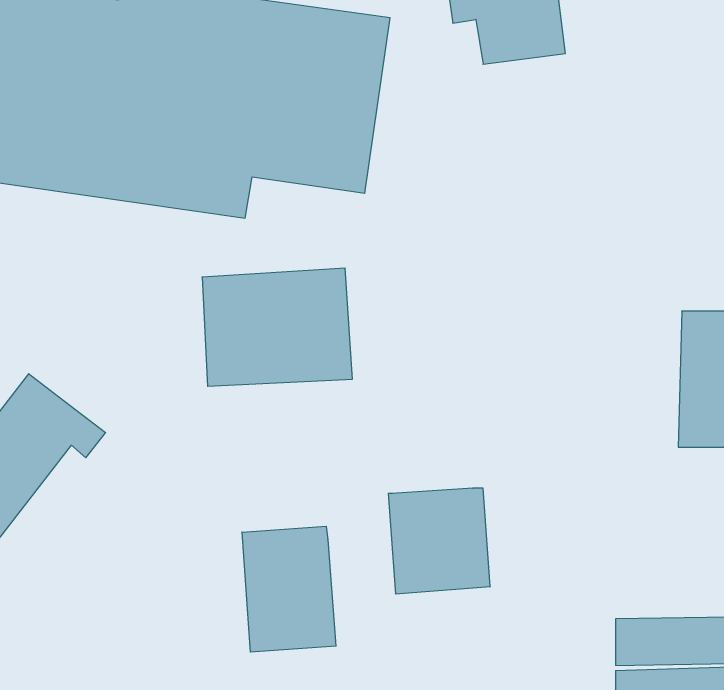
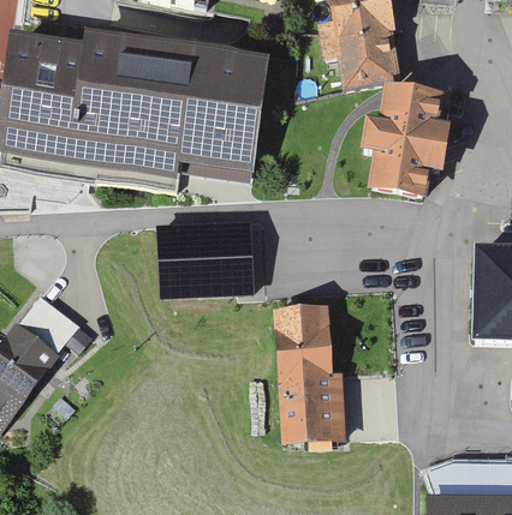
building: none -> [363,86,450,198]
building: none -> [276,304,335,375]
building: [242,526,336,652] -> none

